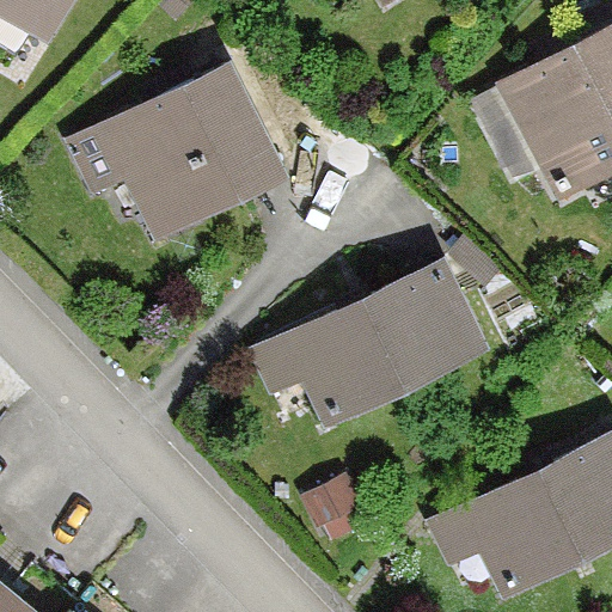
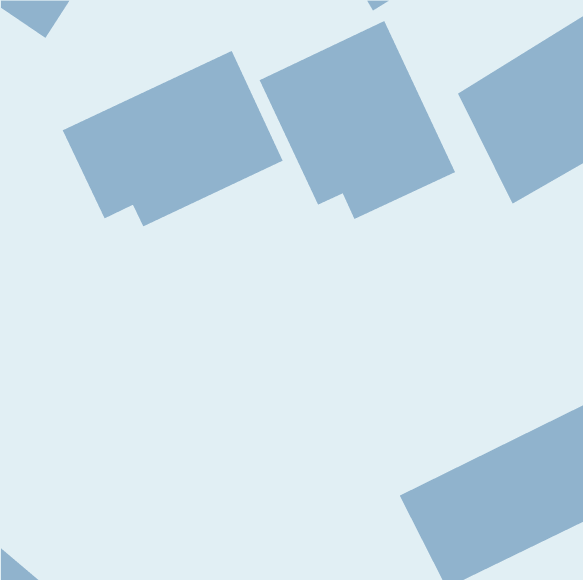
building: none -> [259,20,456,220]
building: [246,253,495,441] -> none

